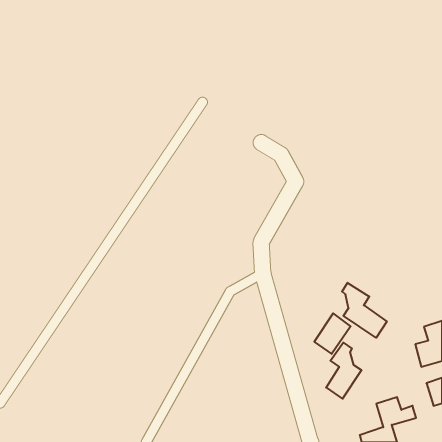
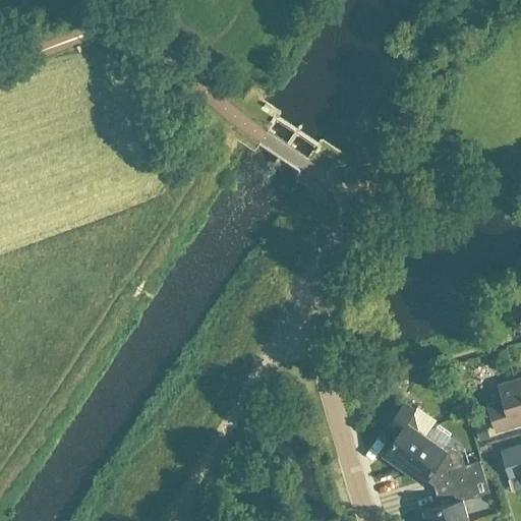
building: [342,283,387,338] -> none
building: [314,313,351,354] -> [403,436,446,483]

